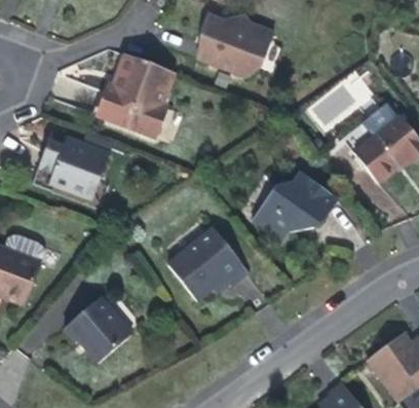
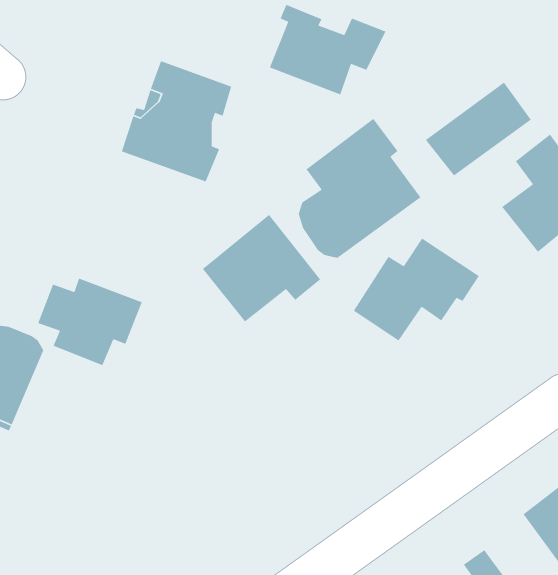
building: none -> [298,118,421,259]
building: [38,137,109,196] -> [37,278,143,366]
building: [167,227,247,300] -> [202,214,321,322]
building: [64,297,131,363] -> none

